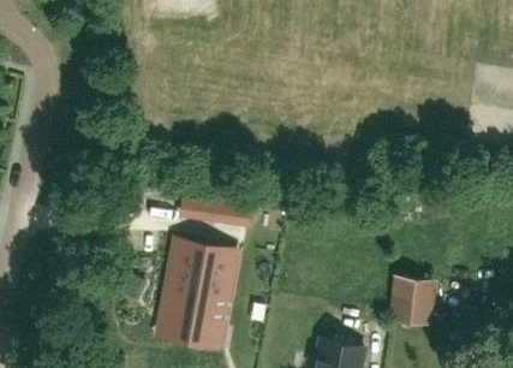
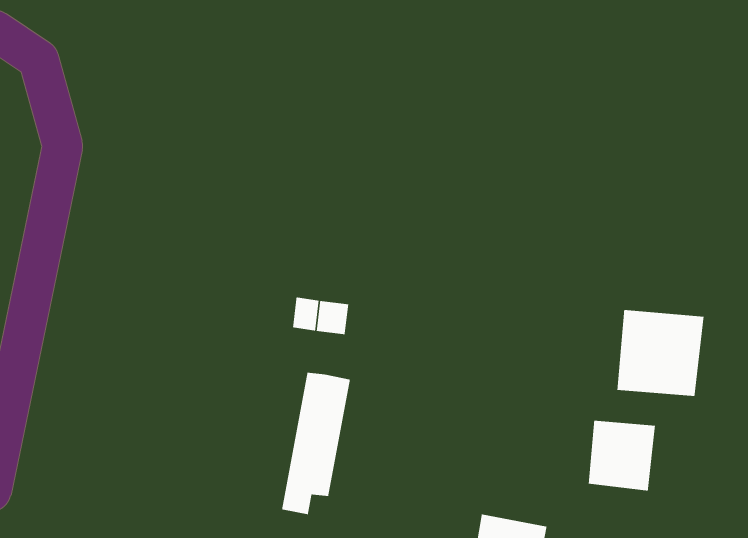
building: none -> [617,309,704,397]
building: [163,241,207,337] -> none

